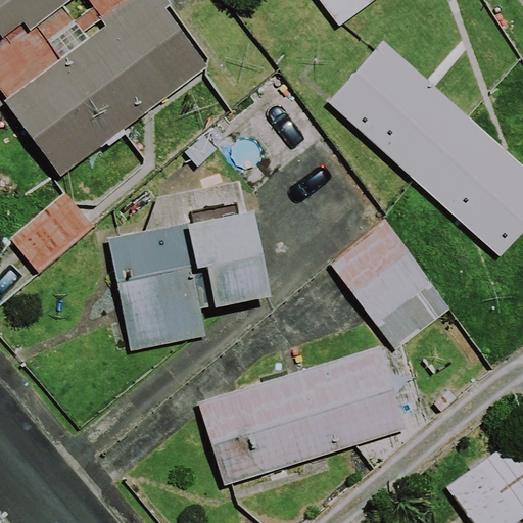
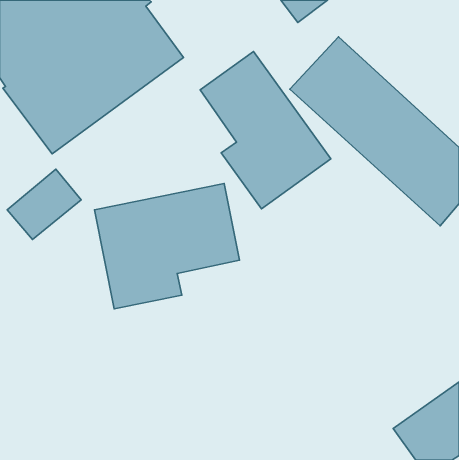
building: none -> [200,51,331,209]
building: [329,220,450,349] -> none
building: [197,345,407,487] -> none

